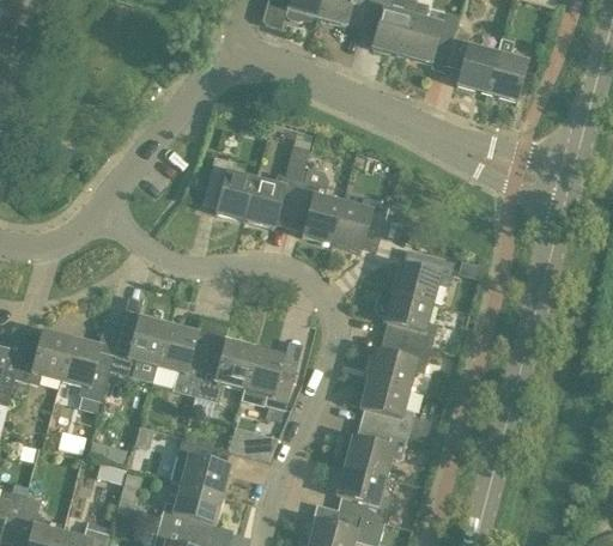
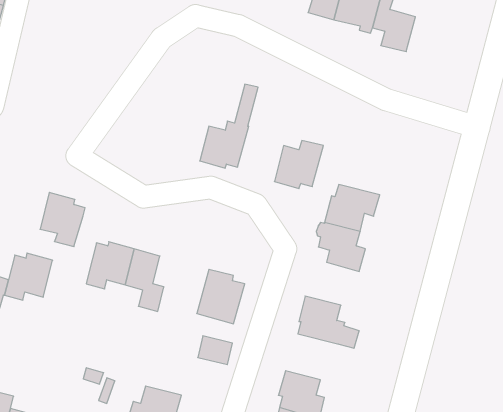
building: [486,37,527,101] -> none
building: [202,158,255,220] -> none
building: [289,168,342,244] -> none
building: [61,336,114,400] -> [40,192,85,247]
building: [195,339,255,402] -> none
building: [368,339,431,389] -> none
building: [345,423,407,477] -> none
building: [176,437,230,495] -> none

